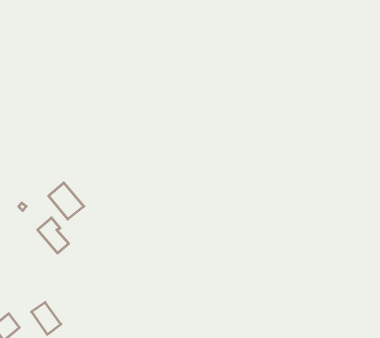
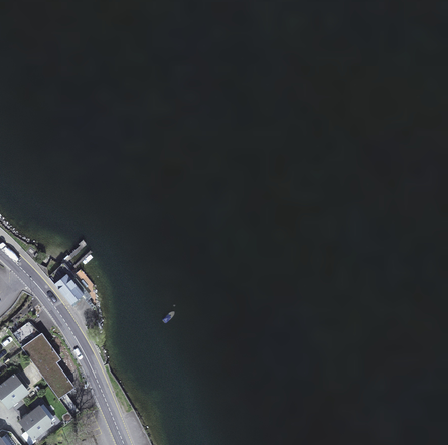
building: [49,183,84,219] -> none
building: none -> [12,323,61,373]

